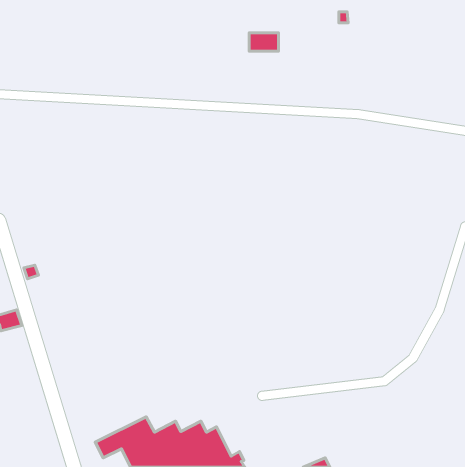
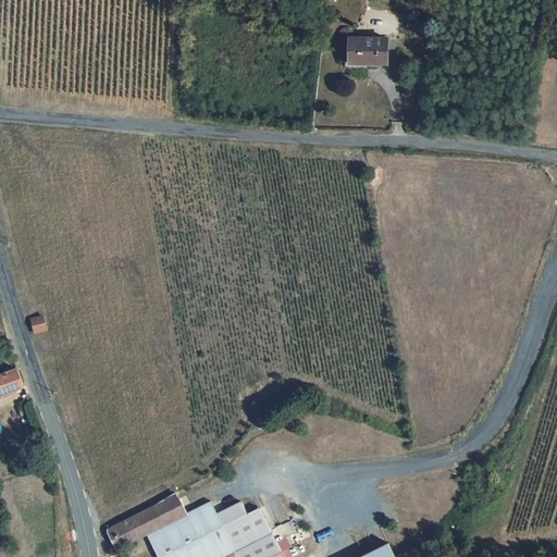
building: [249,33,278,51] -> [348,40,383,62]

